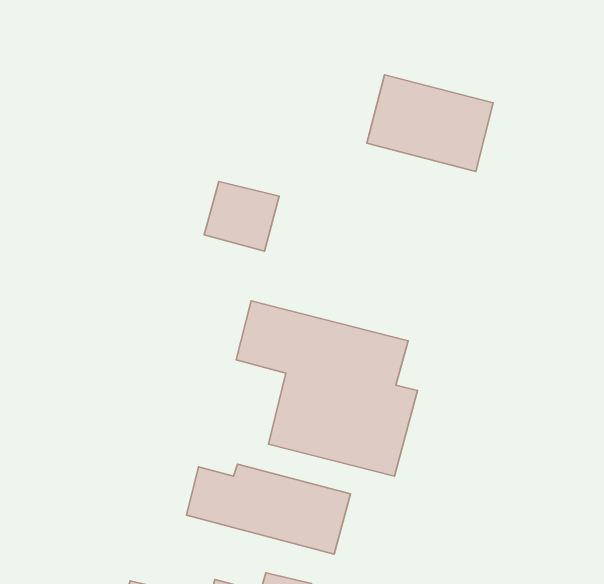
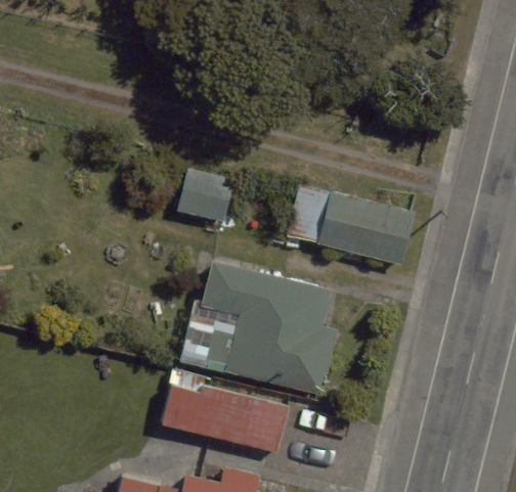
building: [367,75,493,171] -> [315,190,412,264]

